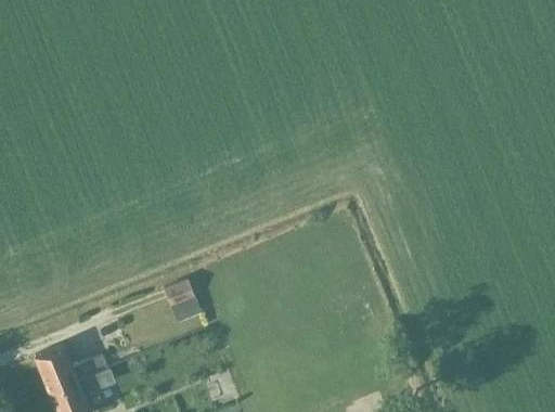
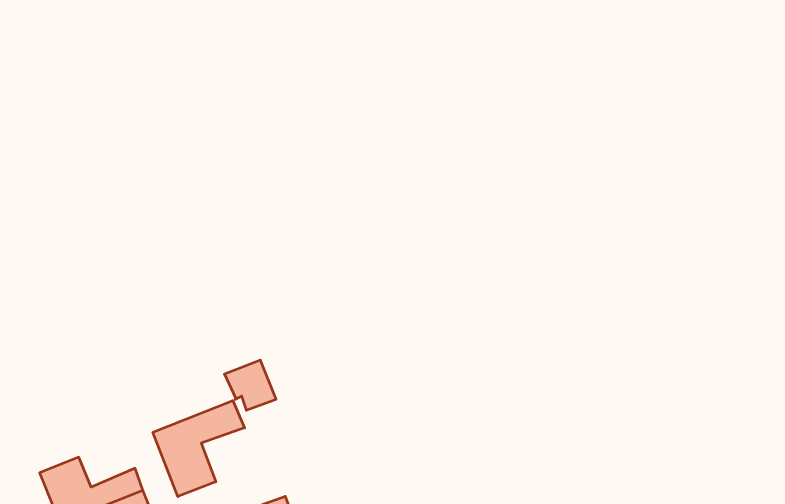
building: none -> [153,401,245,497]

